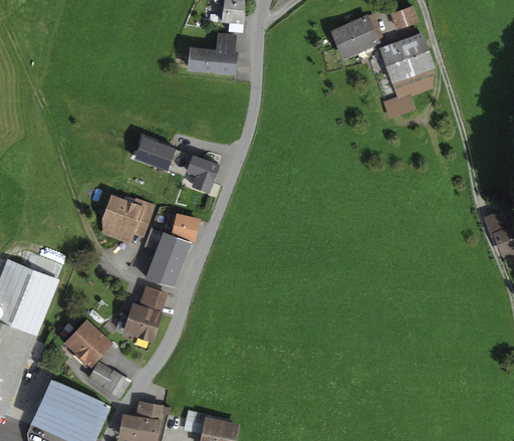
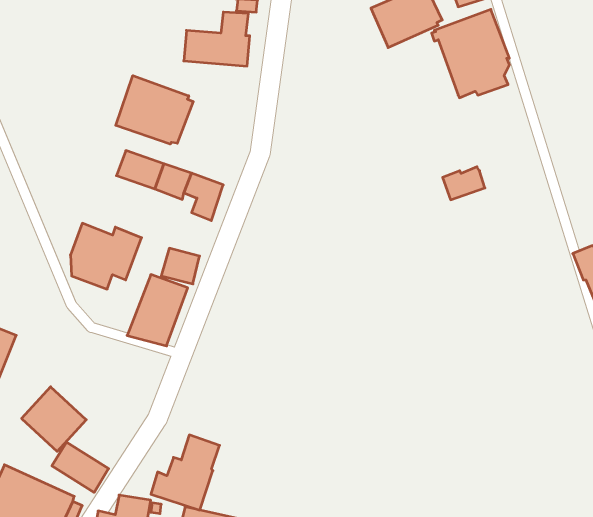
building: none -> [116,76,193,144]
building: [382,93,415,119] -> [443,167,485,200]
building: [114,285,167,343] -> [151,435,220,510]

